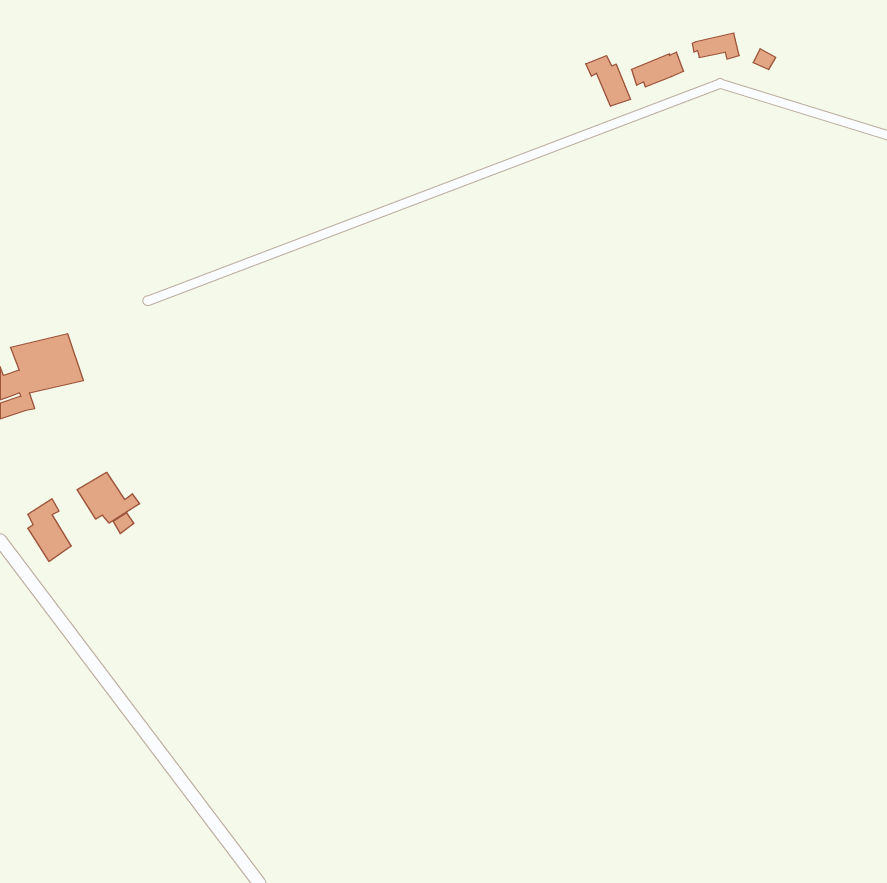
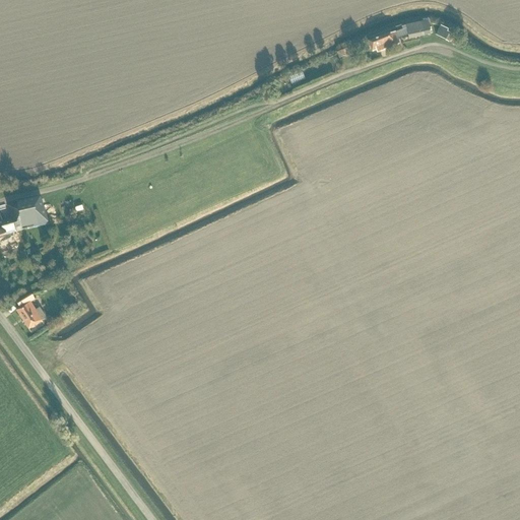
building: [586,56,631,106] -> none
building: [77,472,140,523] -> none

